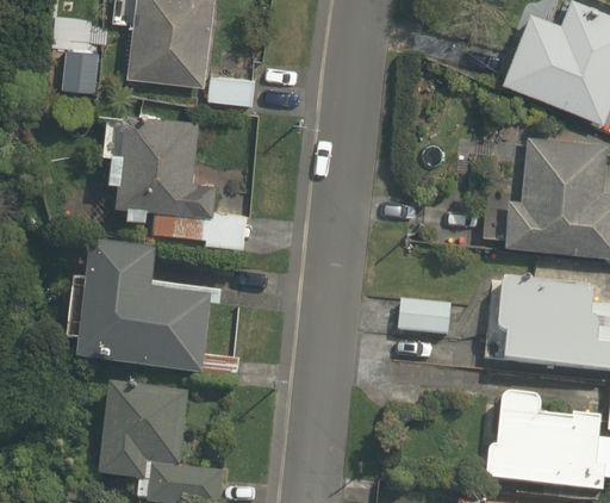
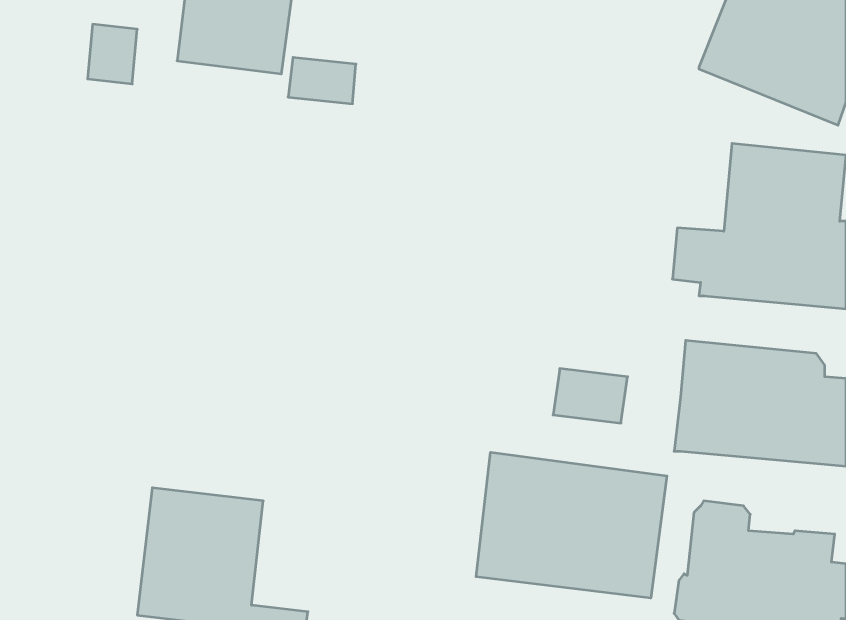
building: [102,112,248,248] -> none
building: [77,242,239,384] -> none
building: none -> [476,452,667,598]

